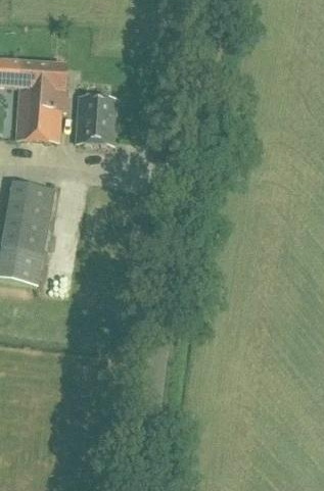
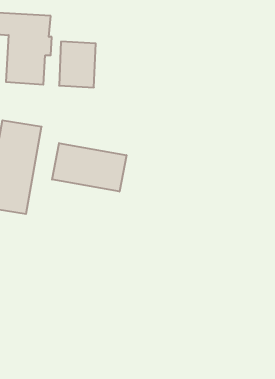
building: none -> [52,143,126,192]

